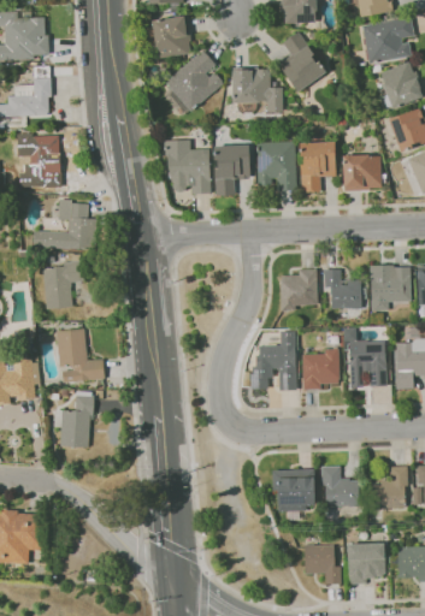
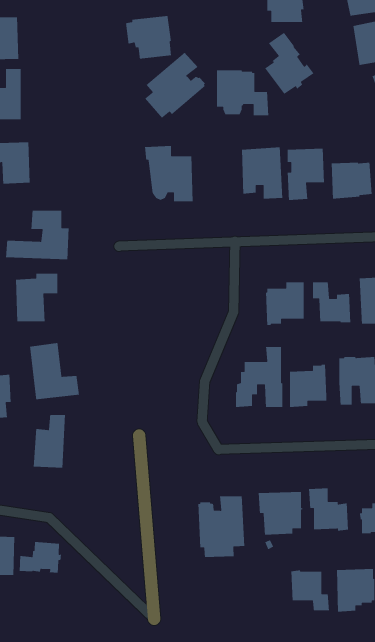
building: [216,146,252,195] -> none
building: none -> [198,495,245,558]
building: none -> [19,541,62,573]

